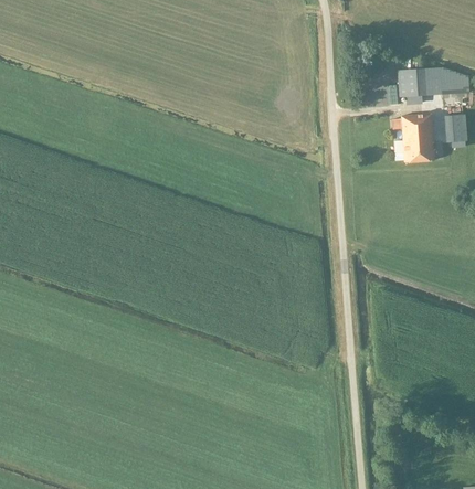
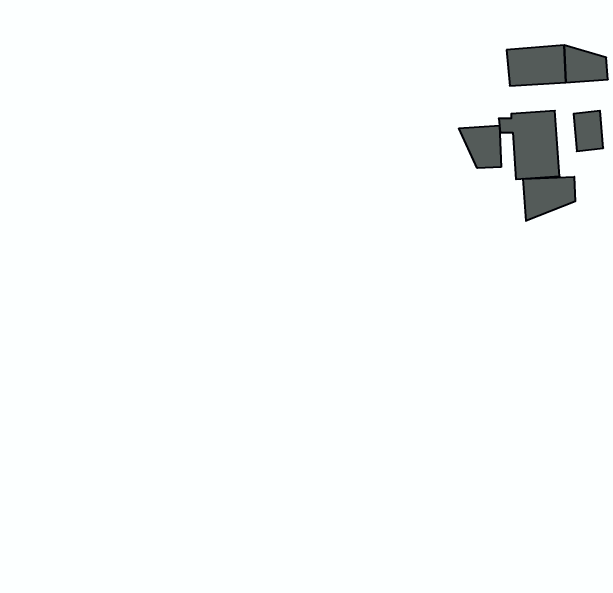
building: none -> [459,125,501,168]
building: none -> [523,177,575,221]

